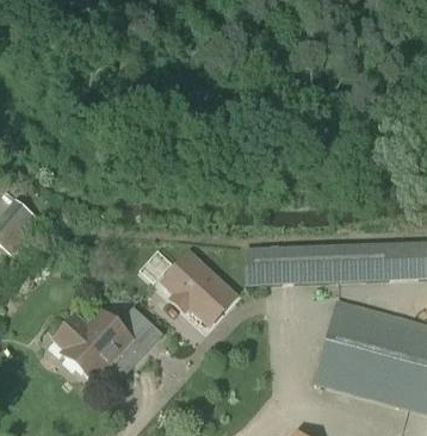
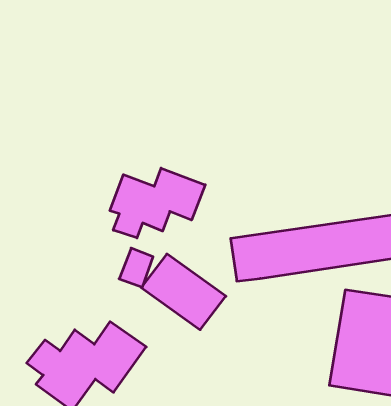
building: none -> [110,168,205,238]

